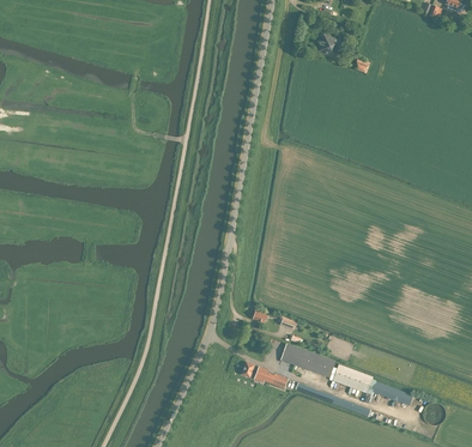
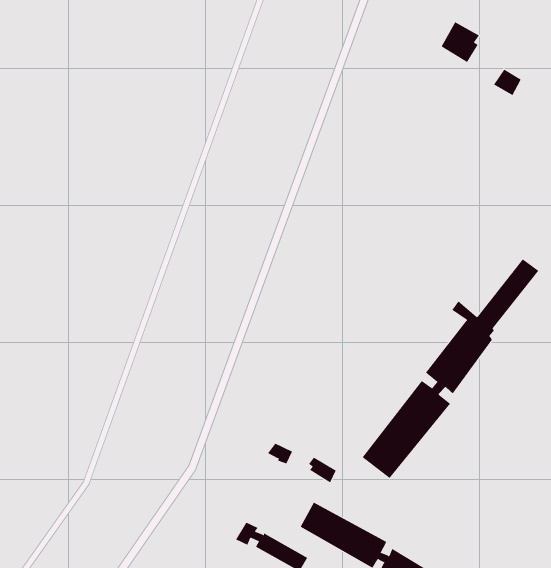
building: none -> [362,259,539,479]

